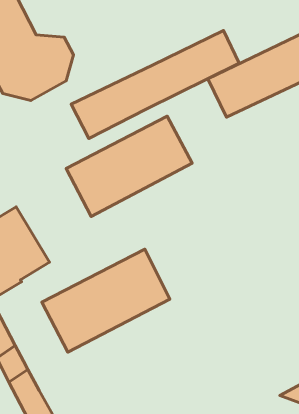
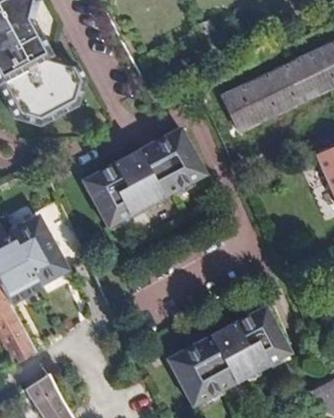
building: [71,31,239,139] -> none
building: [42,249,170,352] -> [165,306,288,405]

